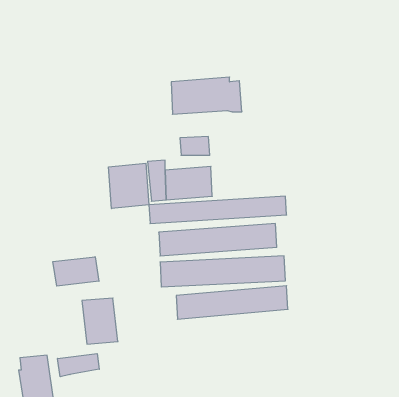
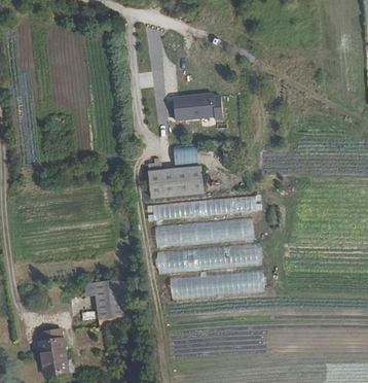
building: [109,163,149,209] -> none
building: [53,257,99,286] -> none
building: [58,354,99,377] -> none

